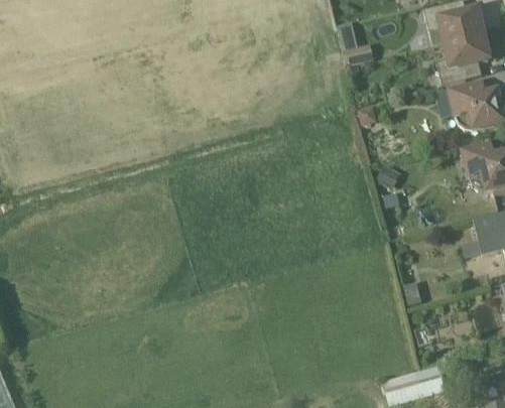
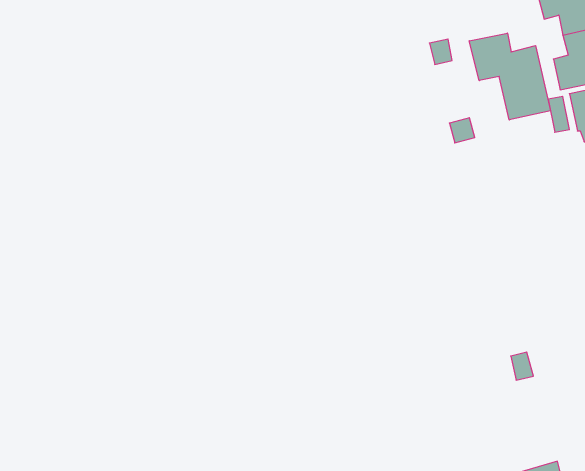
building: none -> [469,33,550,120]

